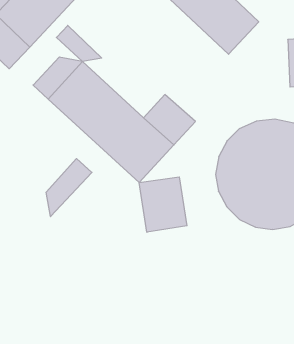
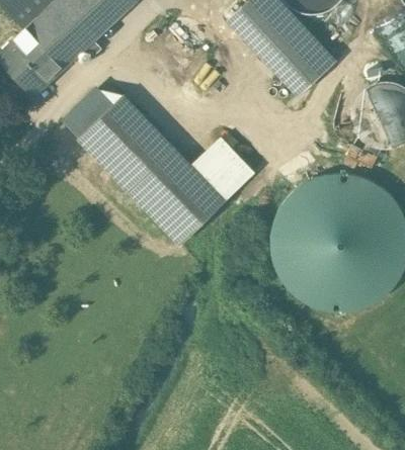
building: [56,25,102,62] -> none
building: [46,159,92,217] -> none
building: [139,177,187,232] -> none

